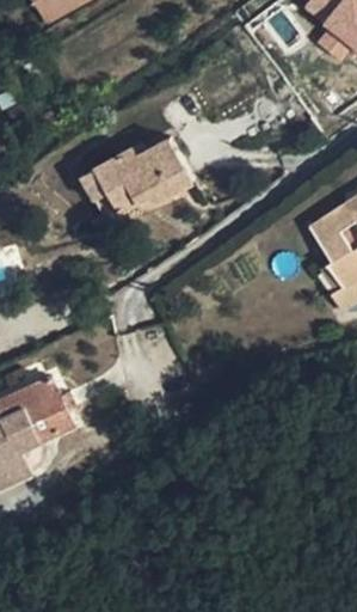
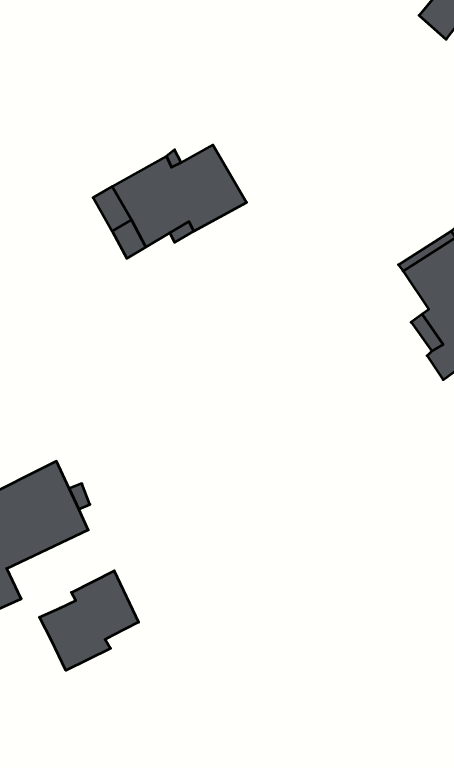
building: none -> [39,571,139,670]

